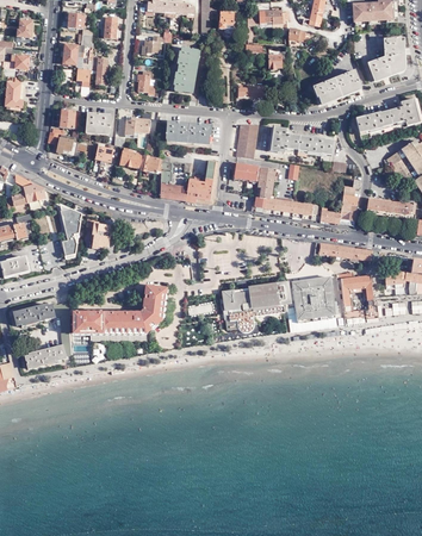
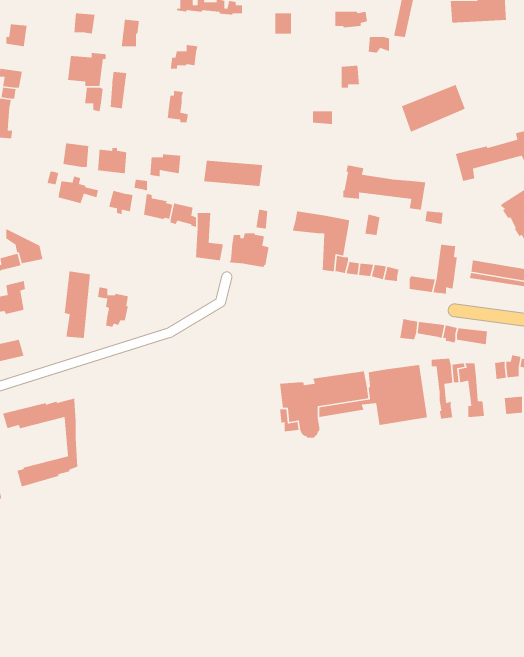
building: [366,37,402,80] -> none
building: [174,48,198,93] -> none
building: [236,124,257,158] -> none
building: [73,285,167,334] -> none

